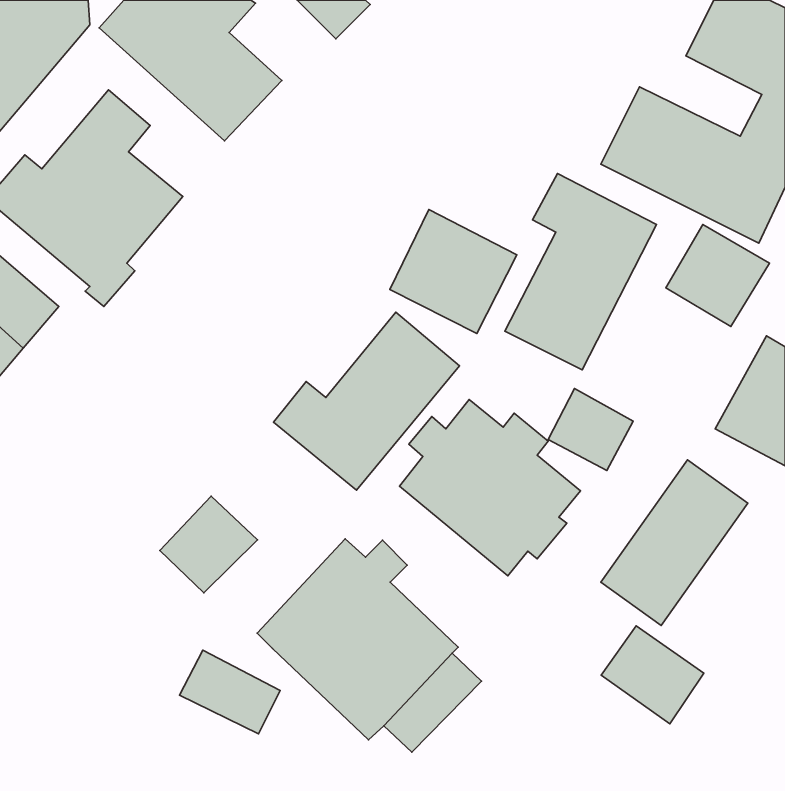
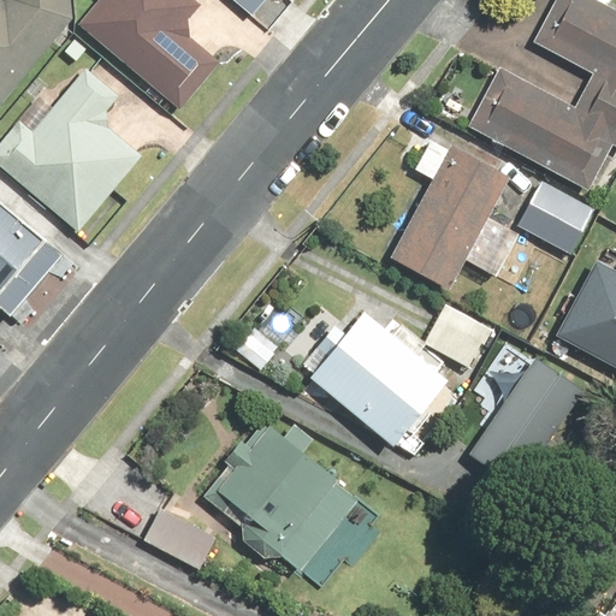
building: [390,209,517,333] -> none
building: [274,312,459,490] -> none
building: [160,496,257,593] -> none
building: [601,626,704,724] -> none

